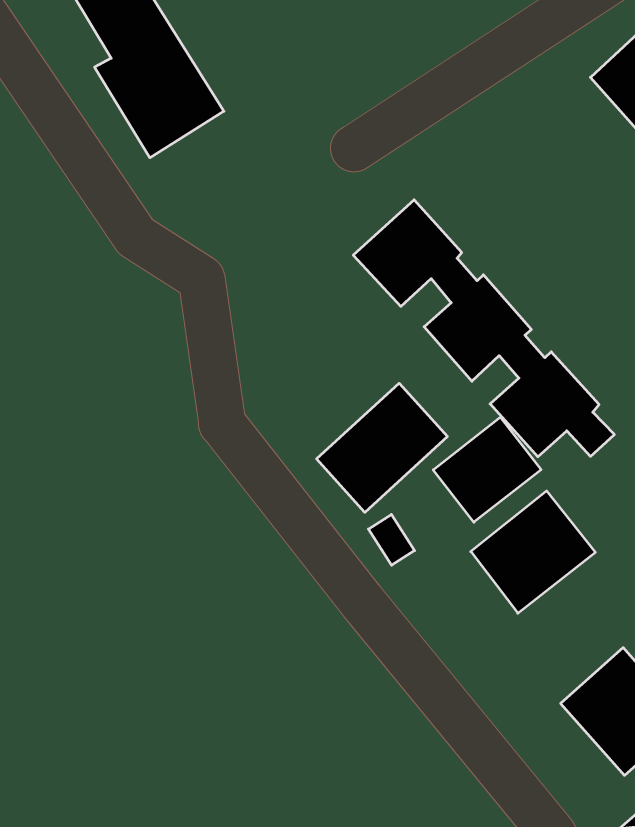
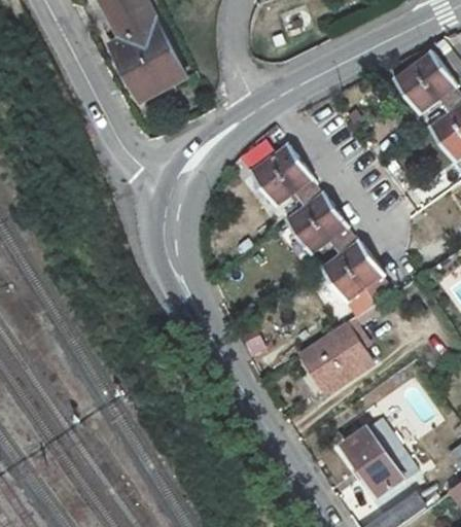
building: [317,383,447,512] -> none
building: [433,417,541,522] -> none

